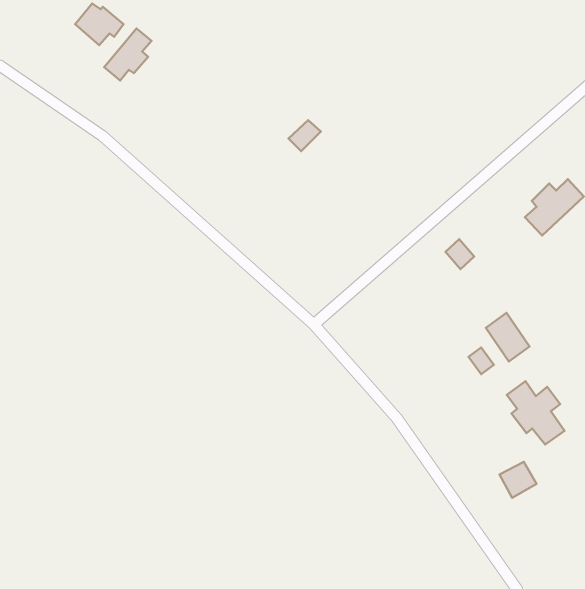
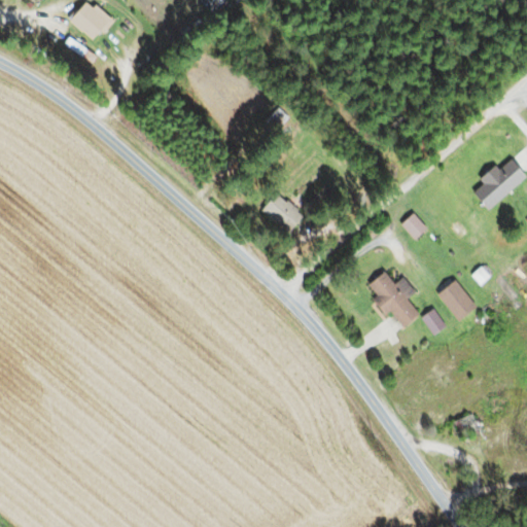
building: [104,28,152,81] -> none
building: none -> [261,191,304,234]
building: [507,381,565,445] -> [367,272,419,328]

